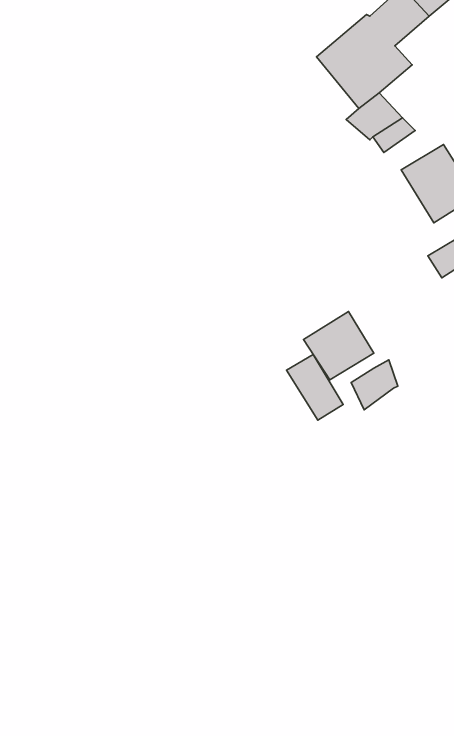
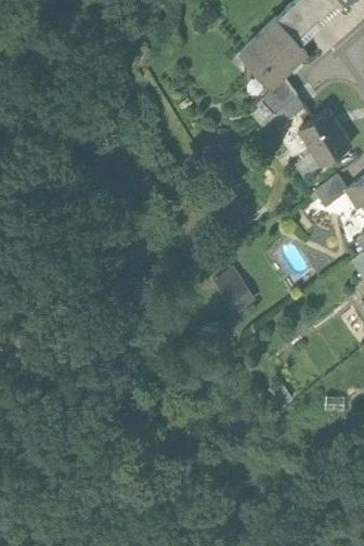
building: [304,312,374,380] -> none
building: [351,360,398,410] -> none

